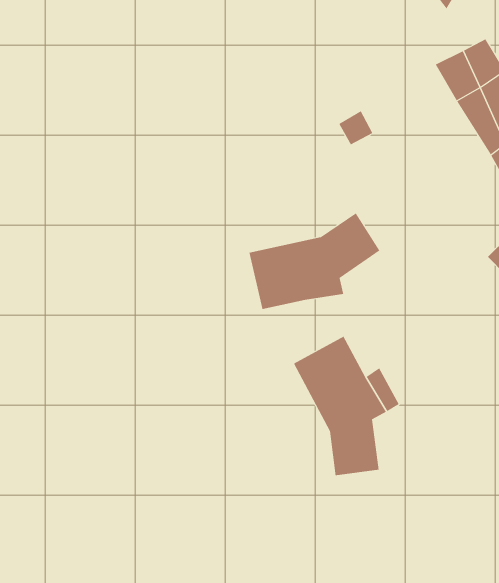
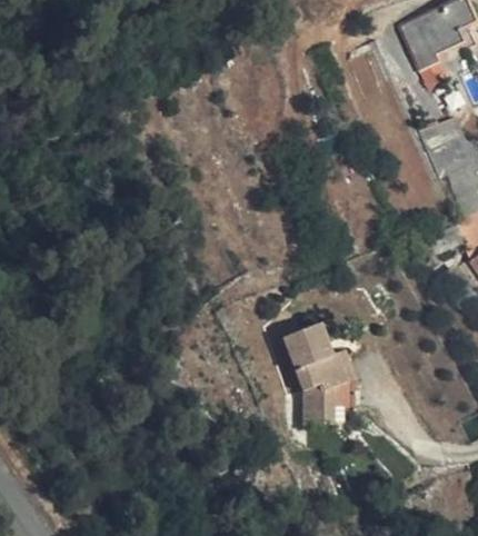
building: [249,212,380,310] -> none

